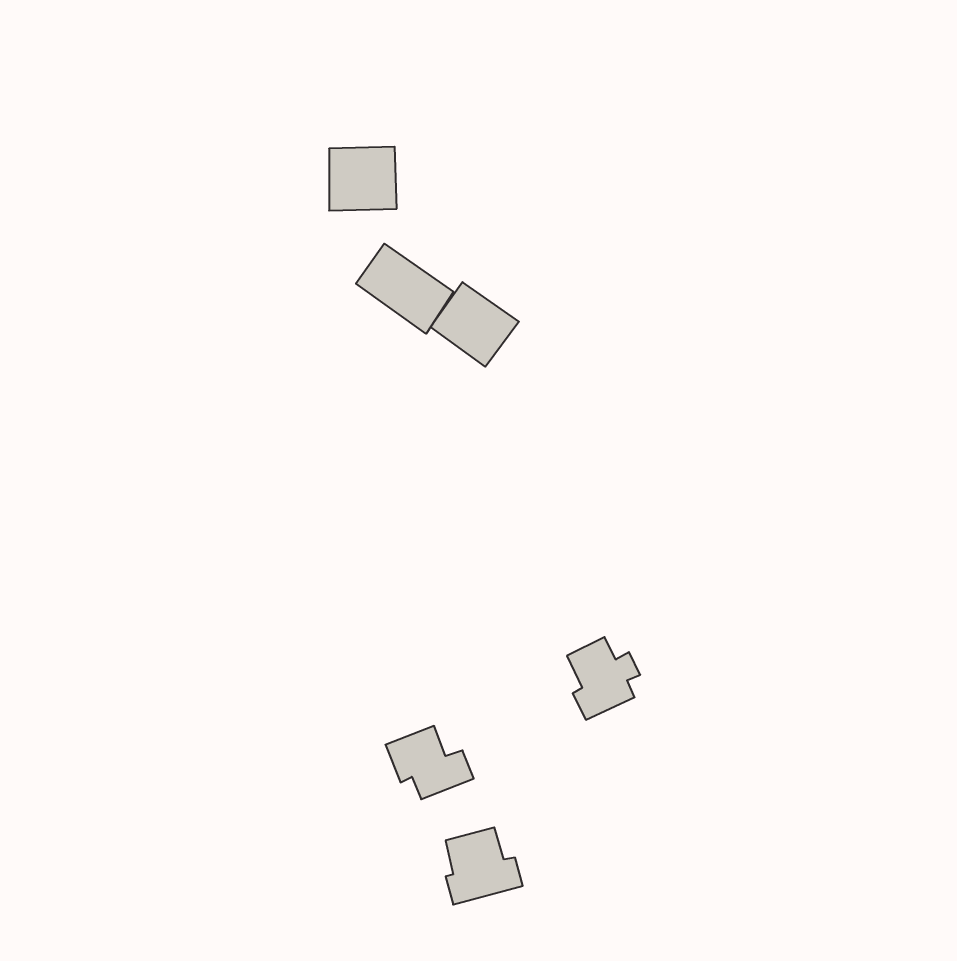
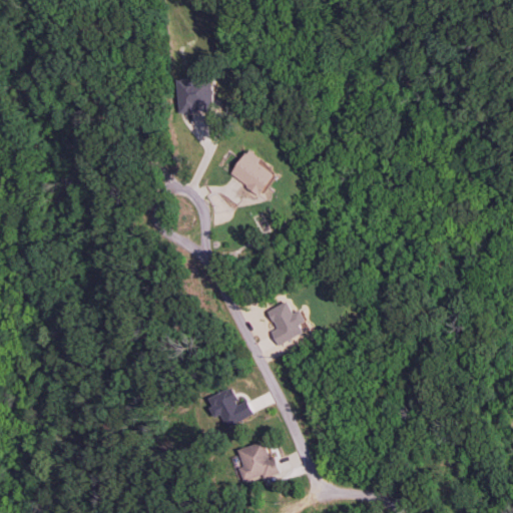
building: [356,244,453,334] -> none
building: [567,637,640,720] -> [267,301,306,345]

